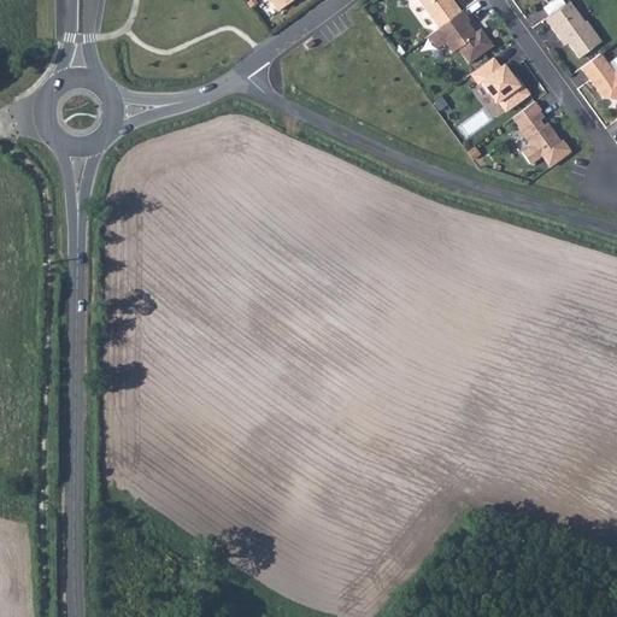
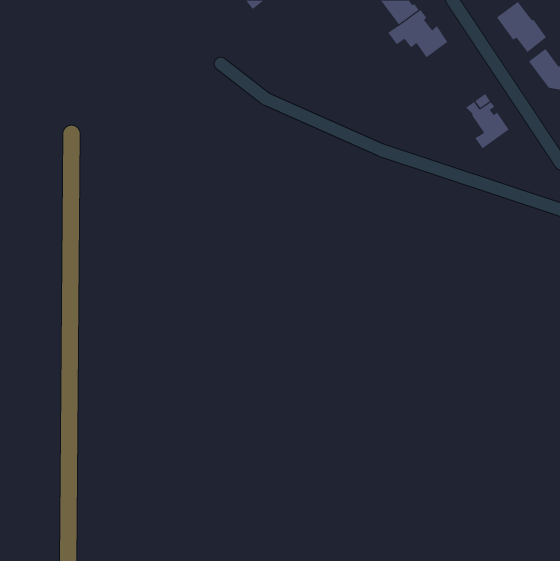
building: [471,58,529,111] -> none

